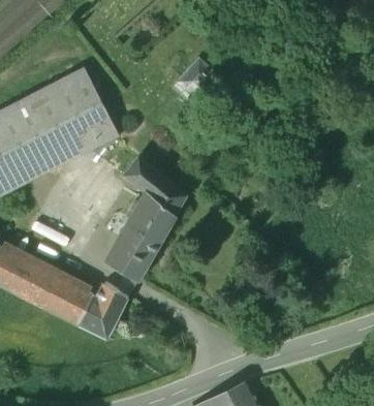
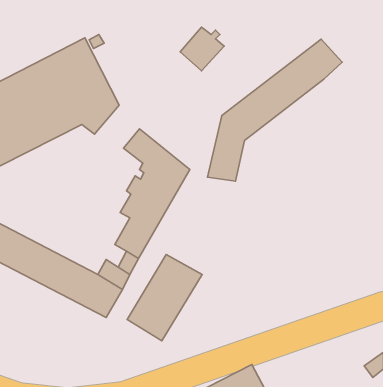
building: none -> [207,39,342,181]
building: none -> [127,254,202,341]

